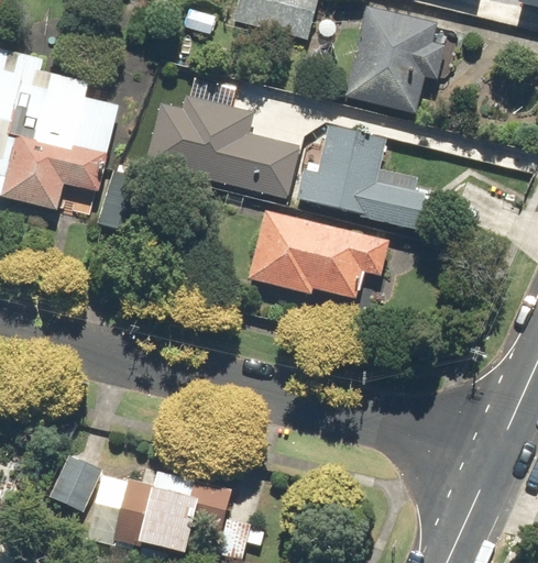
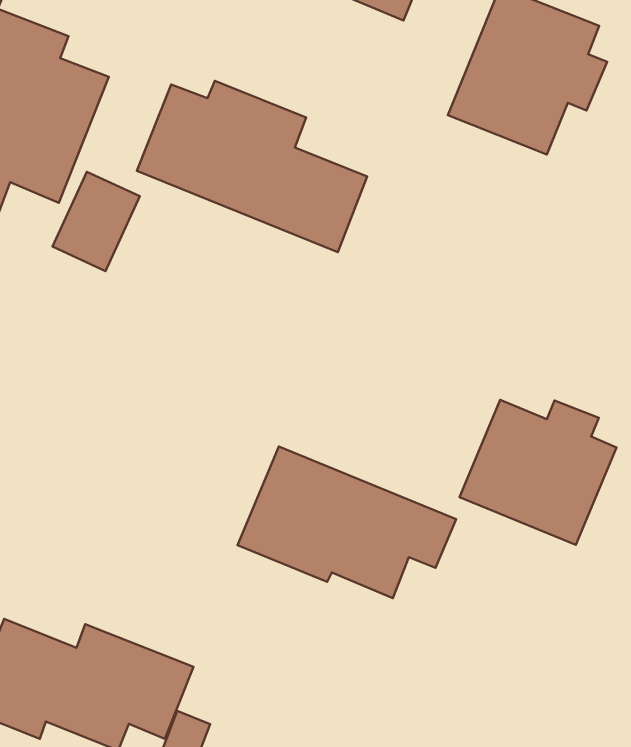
building: [296,124,429,227] -> none
building: [248,210,389,299] -> [238,447,456,598]
building: none -> [460,400,616,545]

